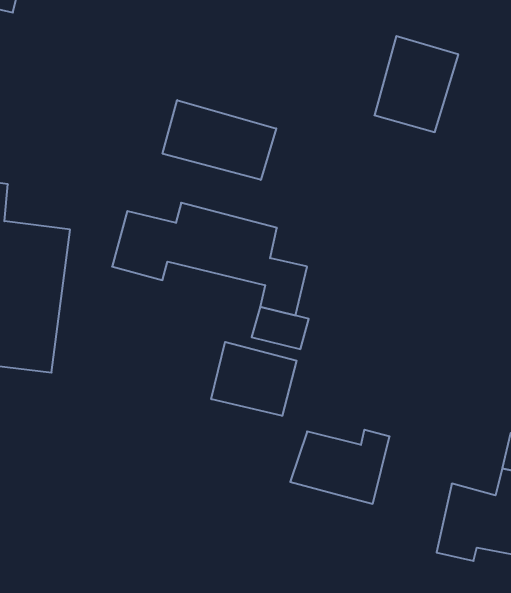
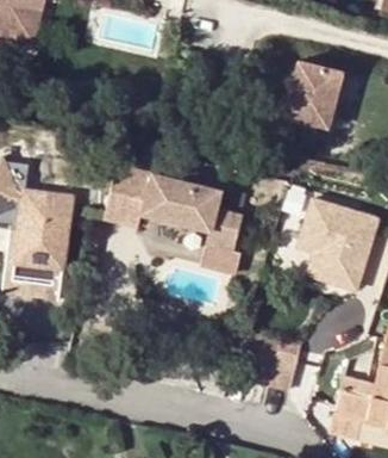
building: [163,100,276,180] -> none
building: none -> [293,193,378,290]
building: [211,342,297,416] -> none

